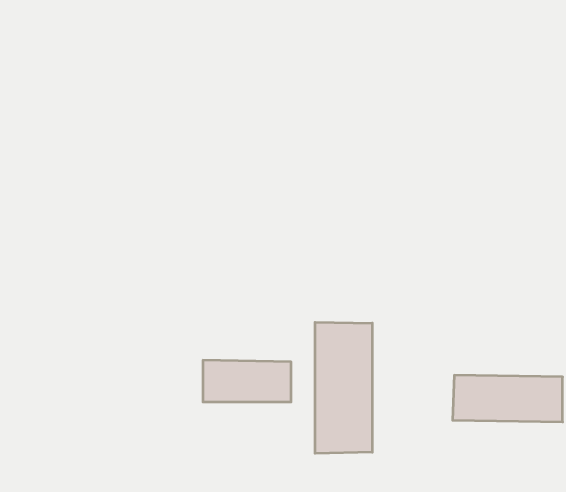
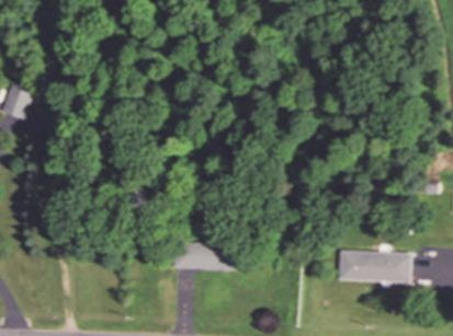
building: [315,322,372,453] -> none

